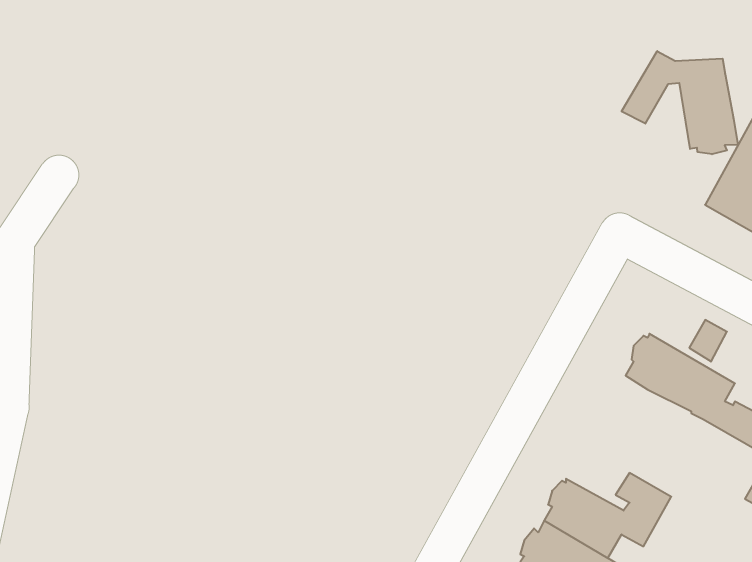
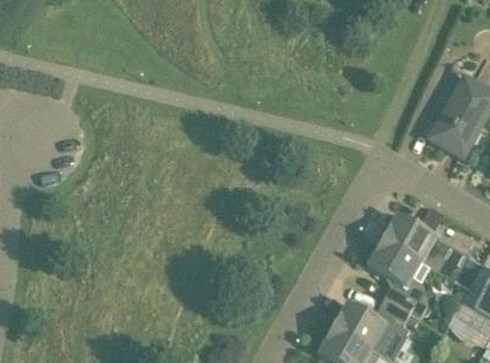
building: [622,51,738,154] -> none
building: none -> [368,240,429,317]

